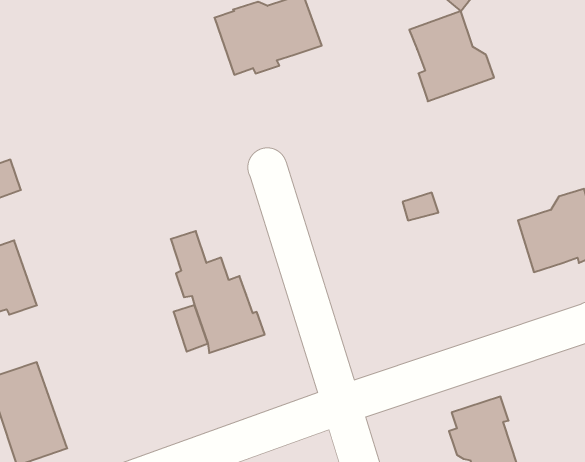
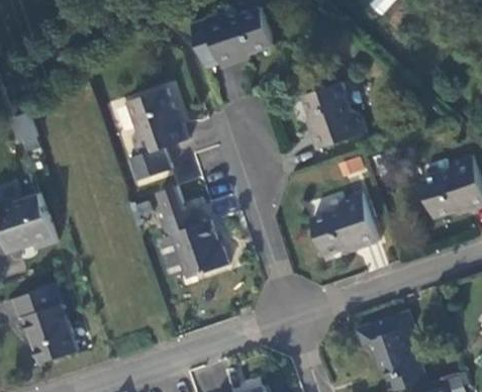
building: [409,11,494,101] -> [300,81,365,150]
building: none -> [126,88,186,180]
building: none -> [310,191,376,254]

